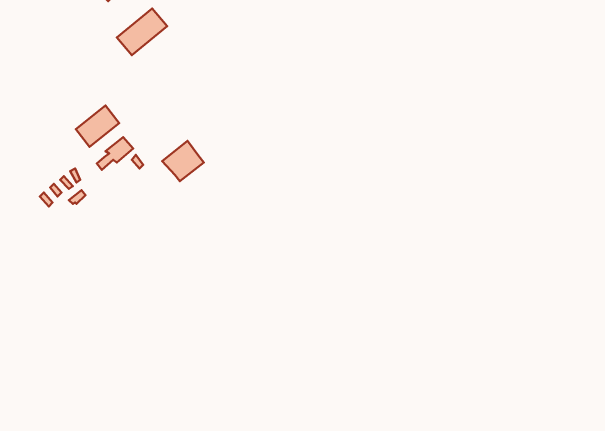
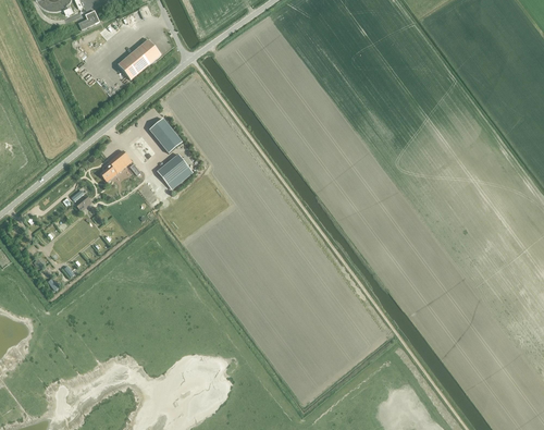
building: none -> [149,118,183,152]
building: [76,105,119,147] -> none

